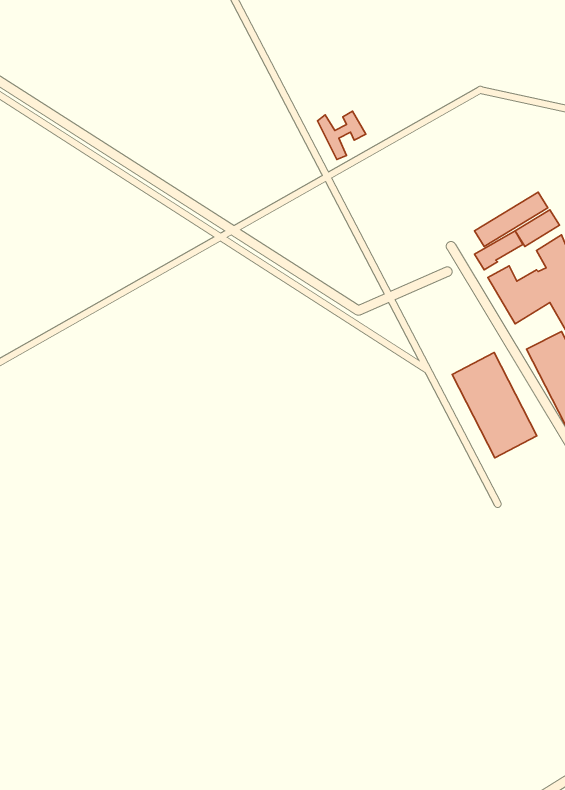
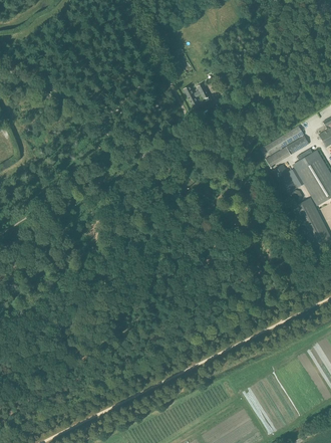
building: [452,353,537,458] -> none

